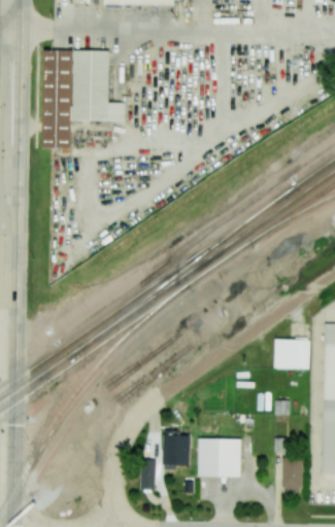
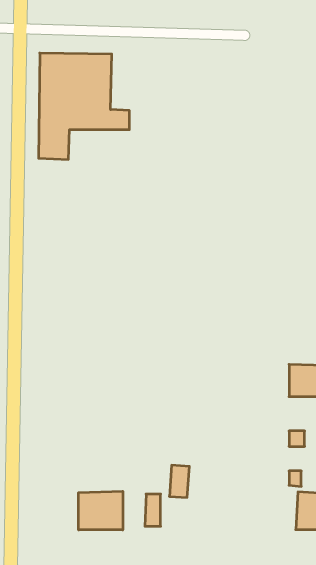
building: [199,437,242,475] -> none
building: none -> [79,491,123,530]

